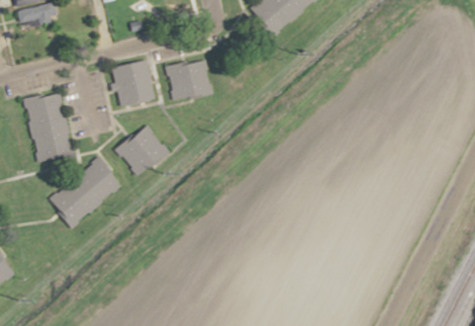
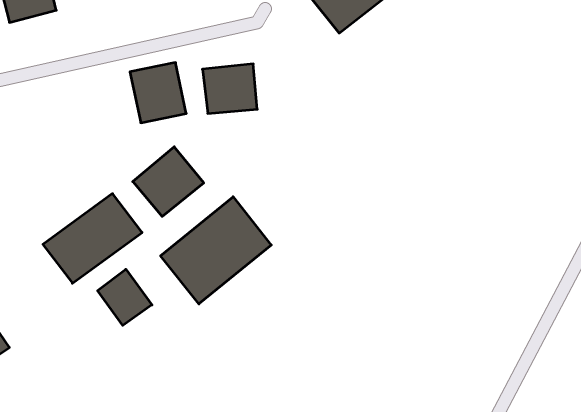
building: [25,91,73,162] -> none
building: none -> [161,197,271,304]
building: none -> [98,269,152,325]

